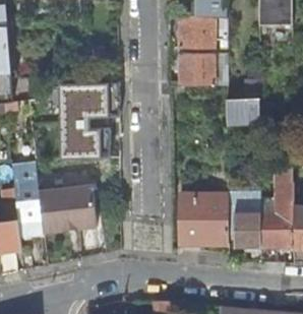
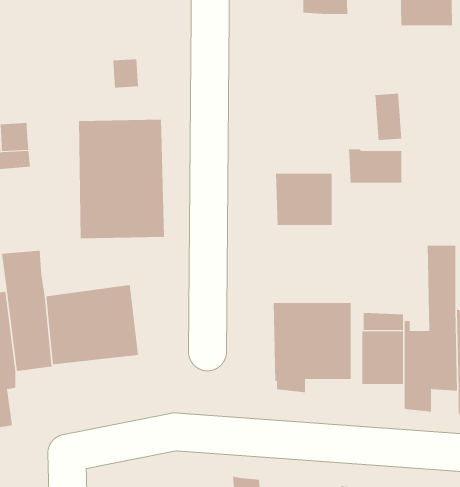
building: [178,13,215,46] -> none
building: [179,51,215,83] -> [275,173,333,226]

